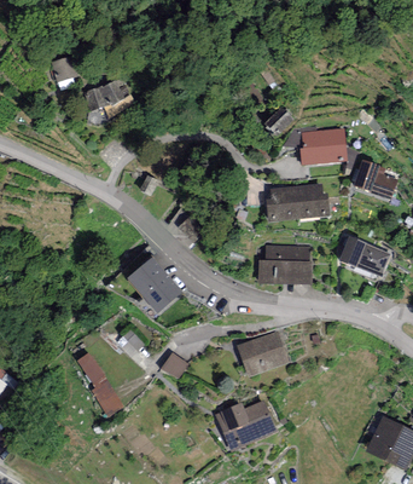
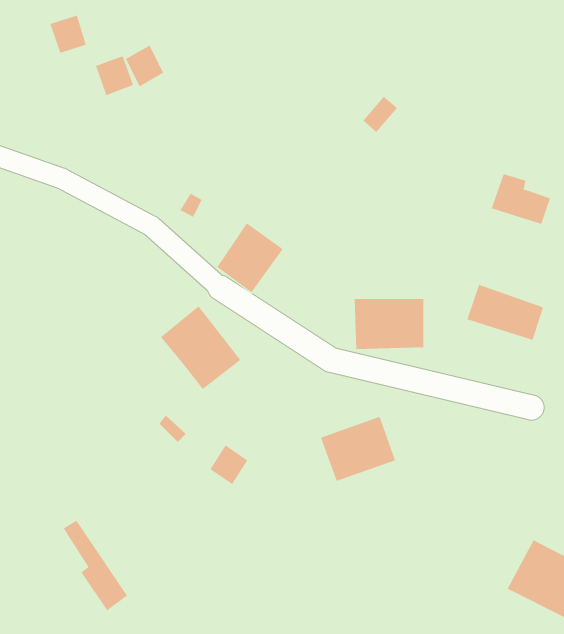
building: [292,129,347,165] -> none
building: [266,186,327,221] -> none
building: [78,352,123,415] -> [63,520,128,611]
building: [215,399,278,449] -> none

